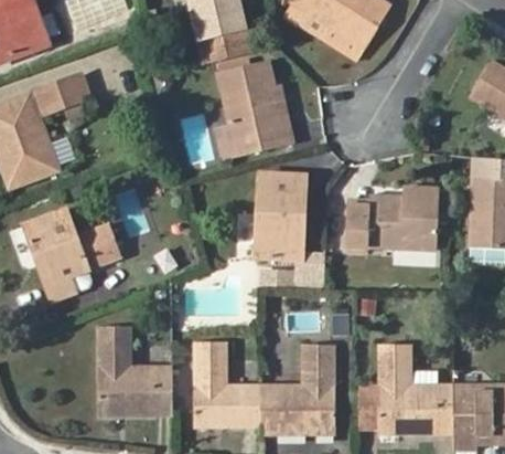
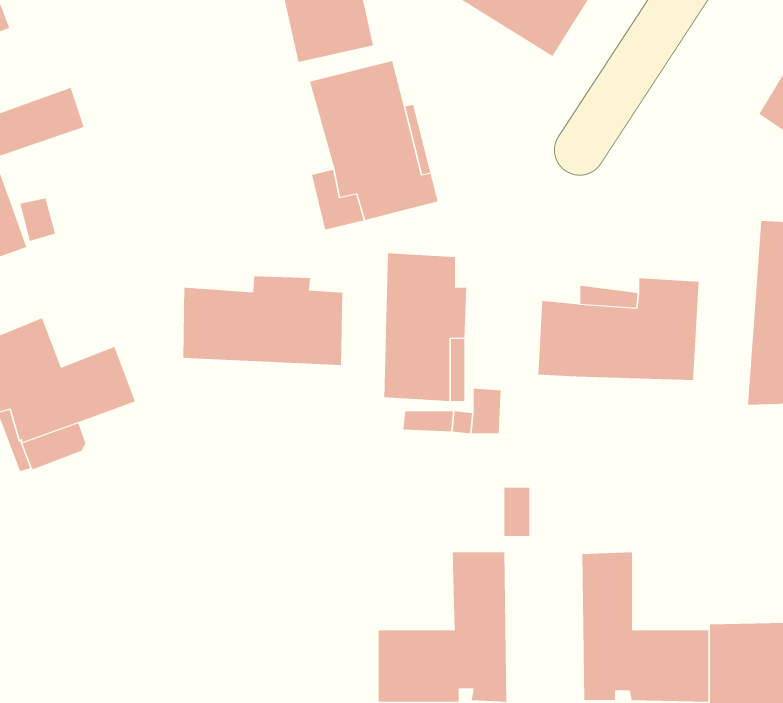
building: none -> [183,275,343,366]
building: [94,327,169,414] -> none
building: [191,344,257,425] -> none

